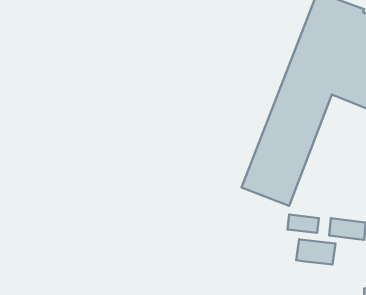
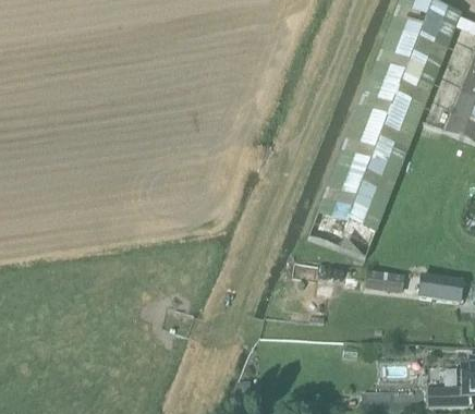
building: [296,239,336,264] -> none

